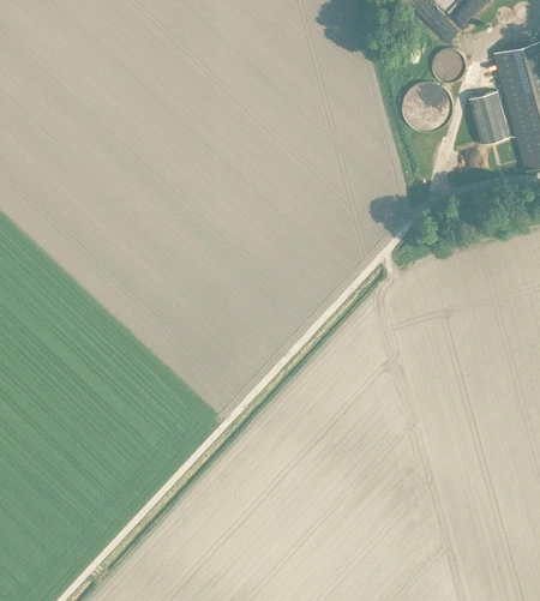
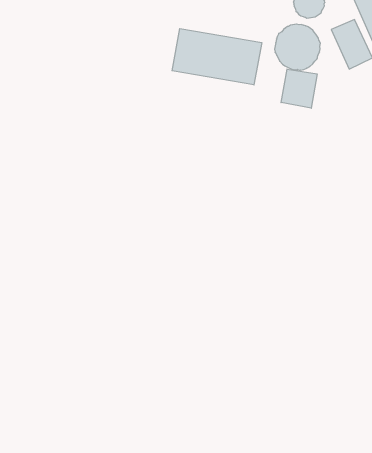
building: none -> [172,29,262,85]
building: none -> [281,69,317,108]

